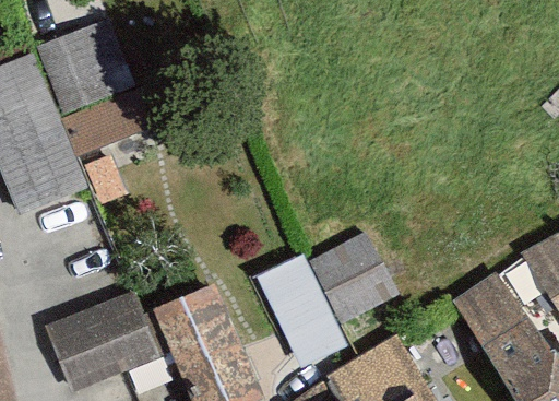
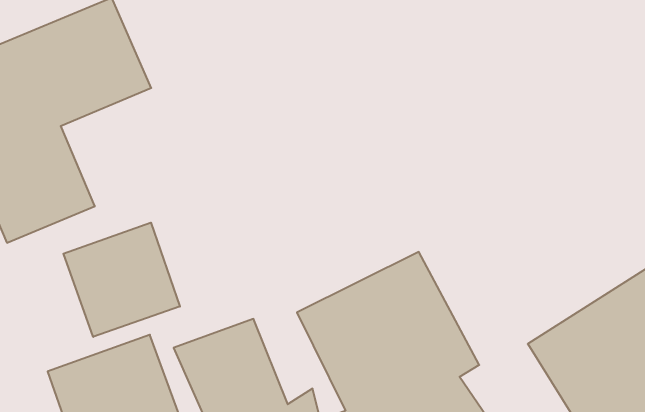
building: none -> [63,223,180,337]

